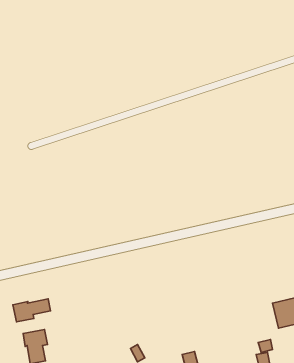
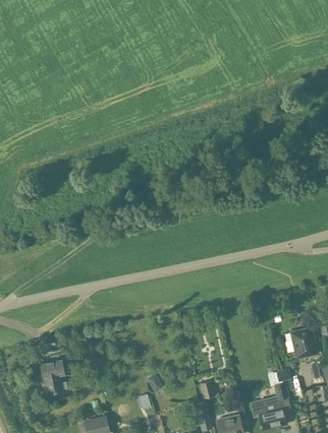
building: [13,299,51,322] -> none

